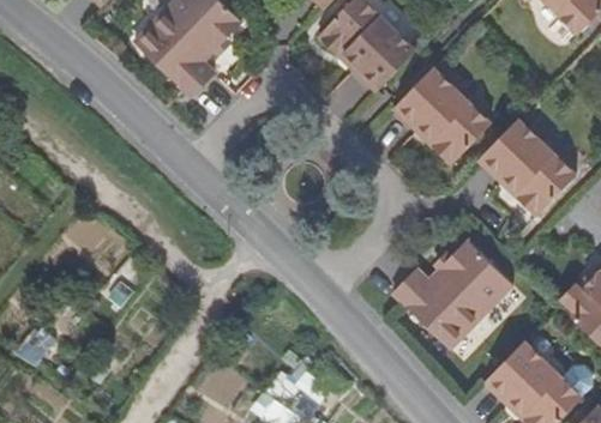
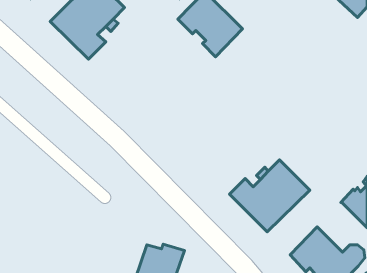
building: [393,67,493,165] -> none
building: [477,120,578,219] -> none

